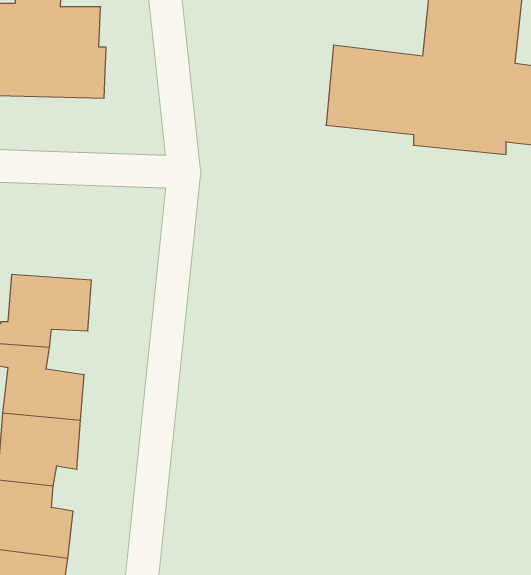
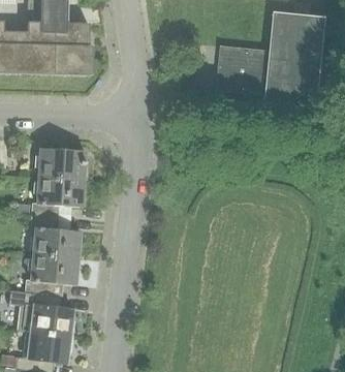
building: none -> [37,148,84,178]

